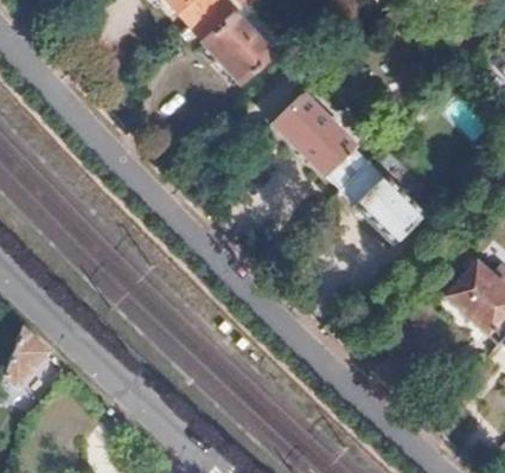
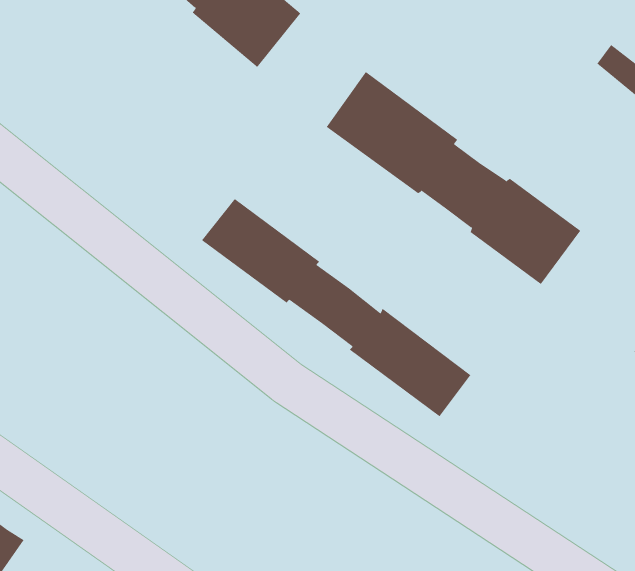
building: none -> [201,198,471,417]

